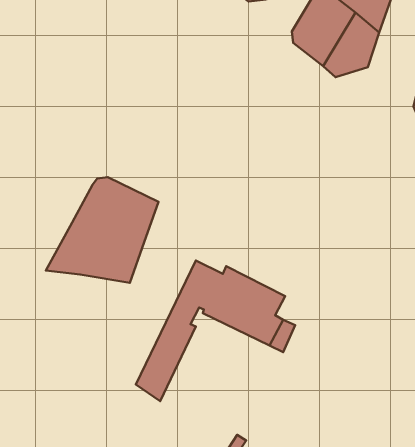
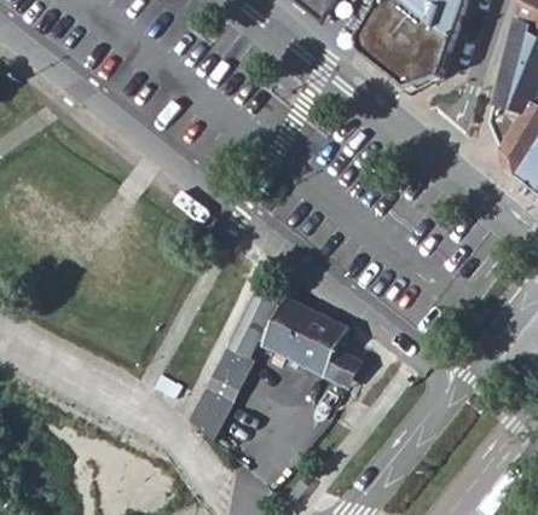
building: [46,177,158,283] -> none

